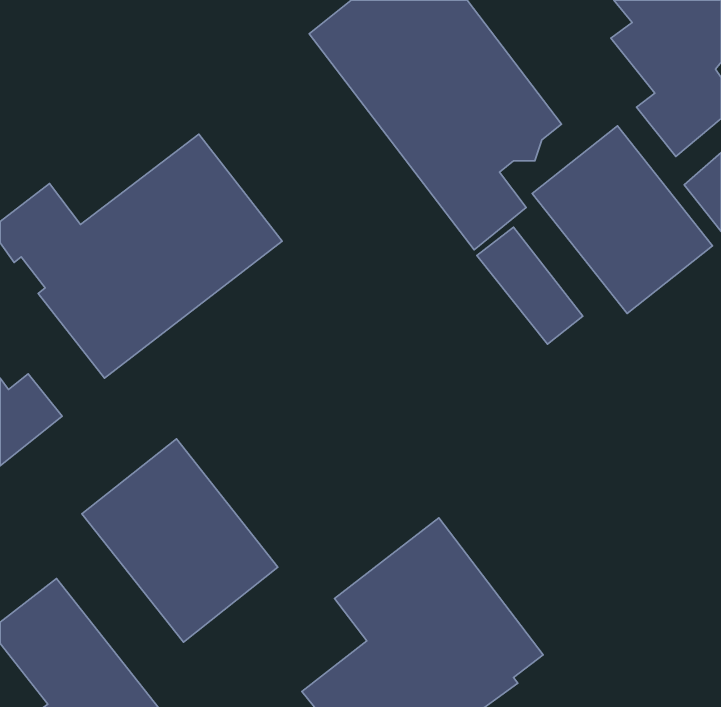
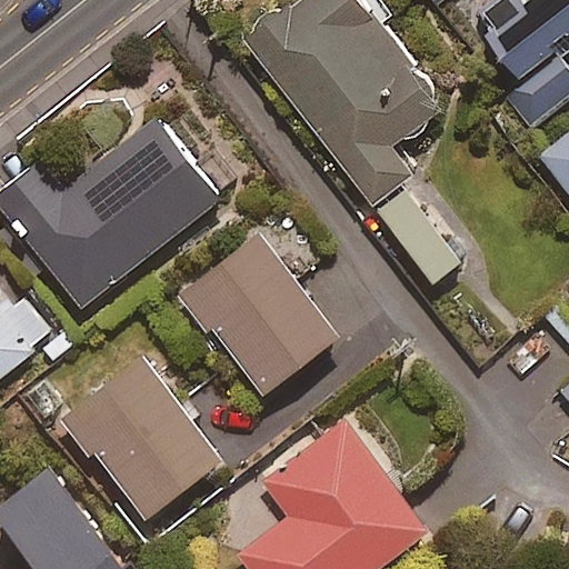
building: [532,126,713,314] -> none
building: none -> [174,233,337,393]

